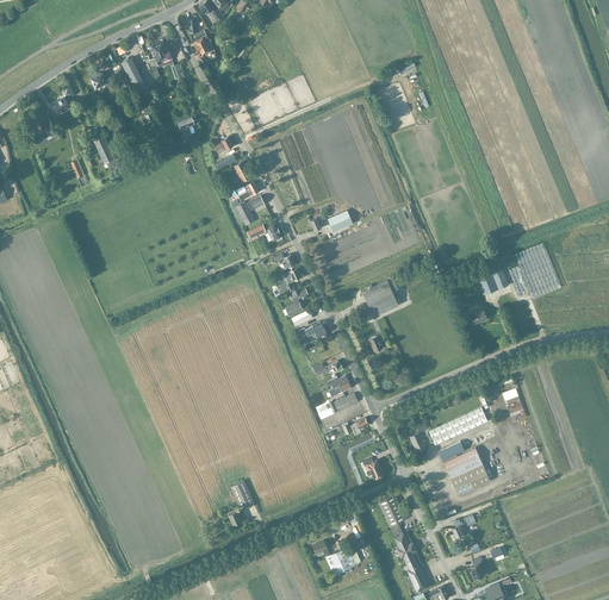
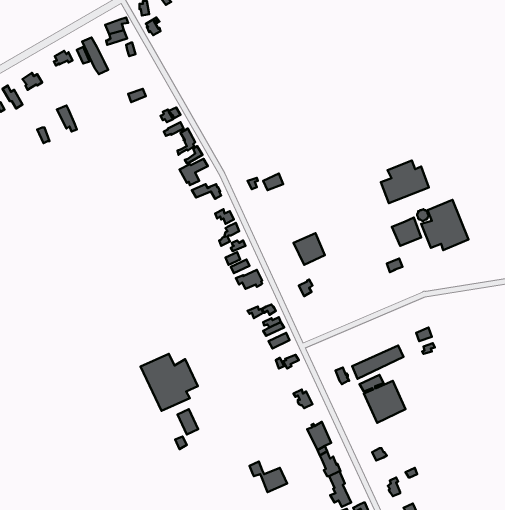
building: none -> [381,160,429,203]
building: none -> [141,354,198,411]

